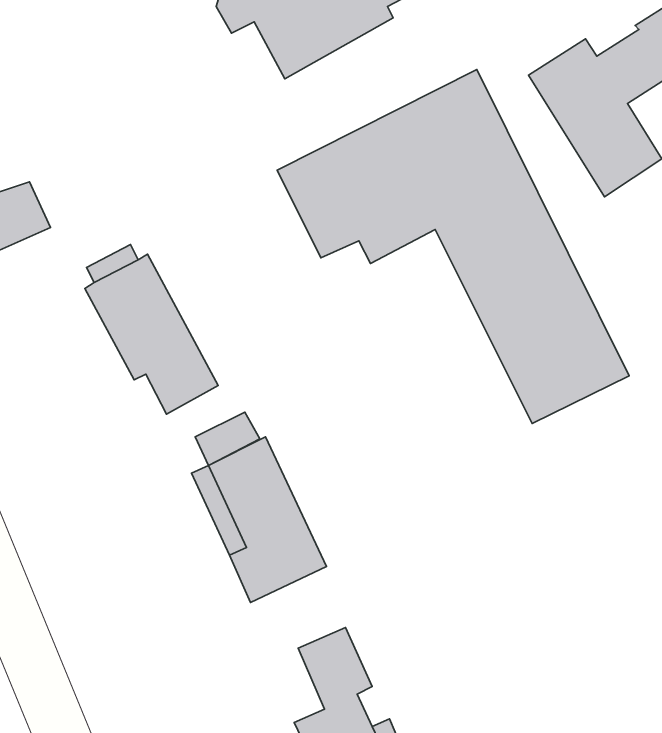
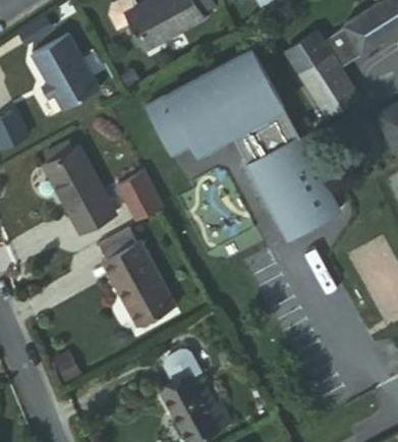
building: none -> [36,31,104,107]
building: none -> [121,174,168,227]

